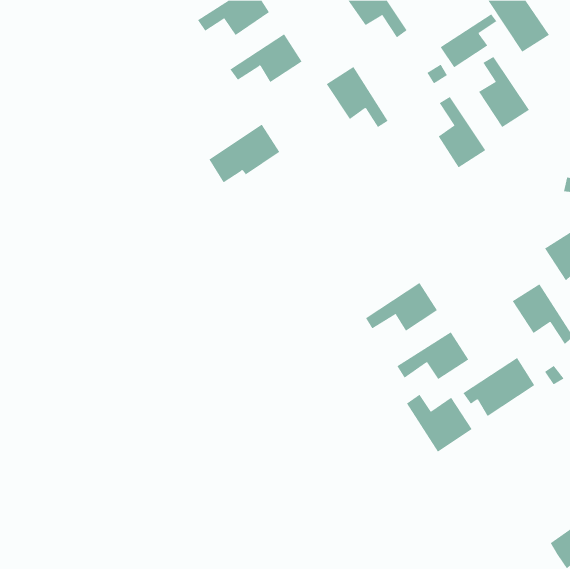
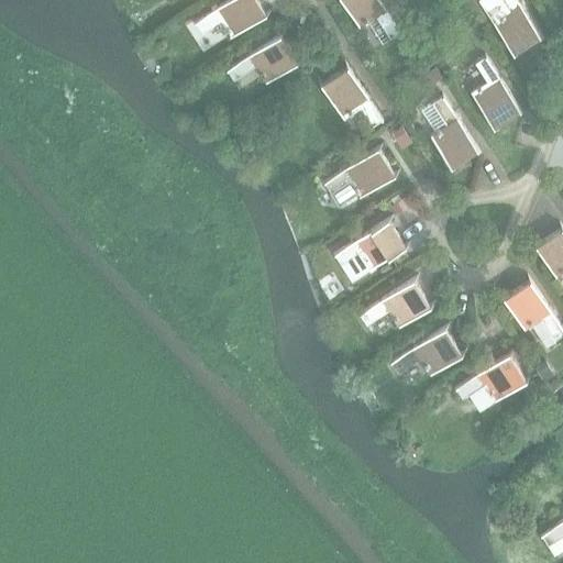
building: [440,13,497,68] -> none
building: [208,124,280,183] -> [325,148,396,207]
building: none -> [335,221,407,283]
building: [406,394,472,452] -> none

